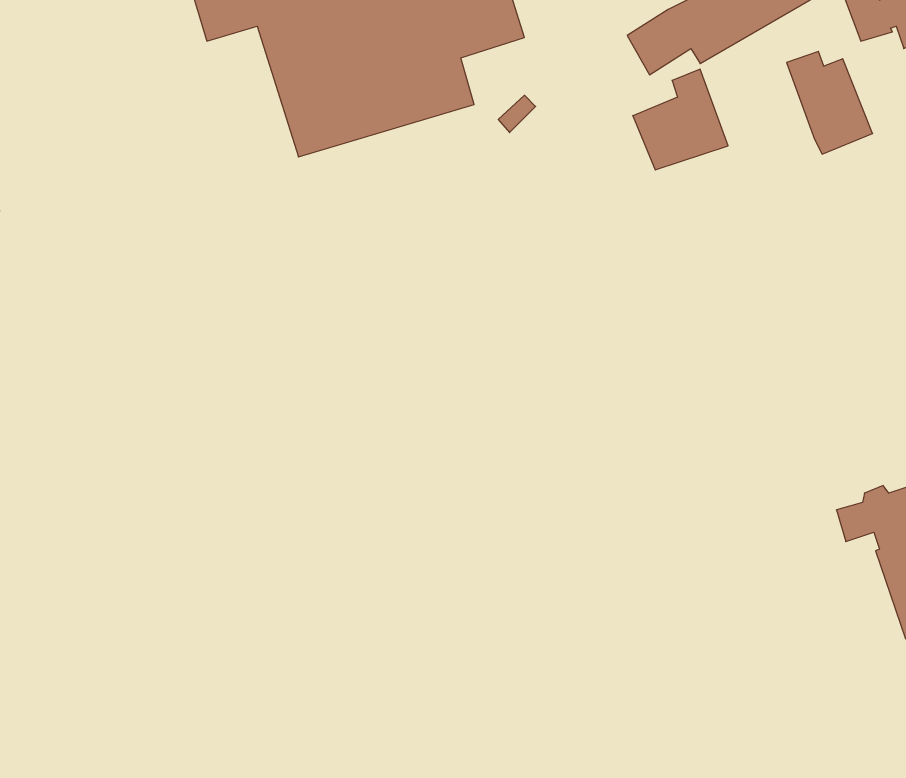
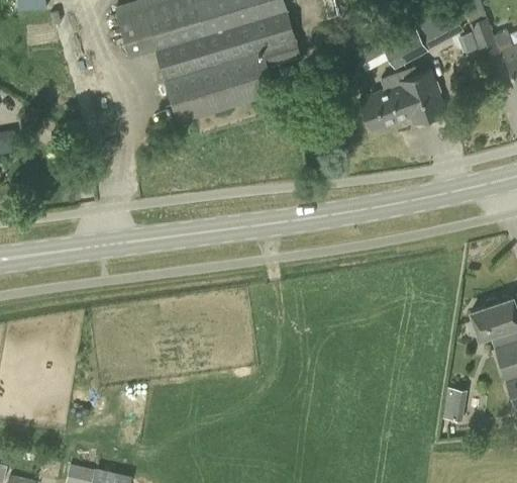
building: [787,51,873,154] -> [396,67,442,122]
building: none -> [443,387,466,419]

